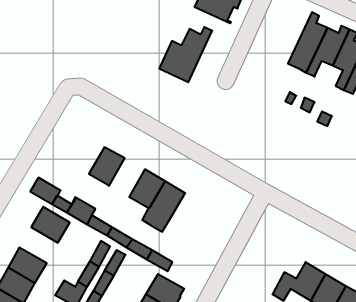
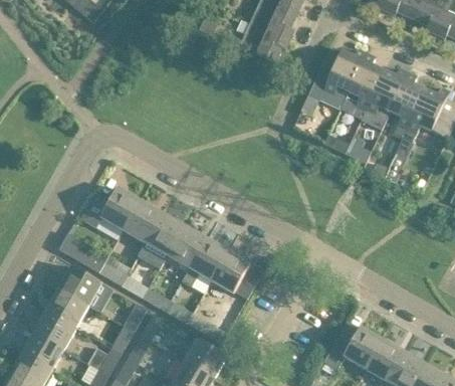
building: [159,27,212,82] -> [308,49,367,110]
building: none -> [81,188,140,239]
building: none -> [137,213,184,268]
building: none -> [211,251,250,294]
building: none -> [46,288,88,328]

